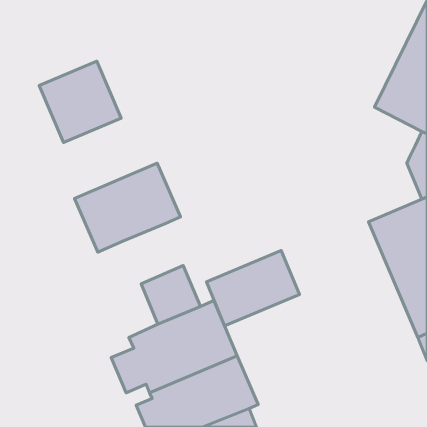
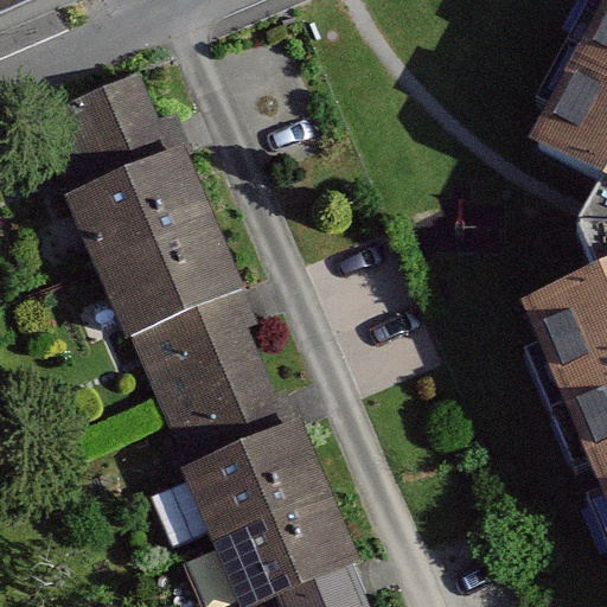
building: none -> [75,159,223,281]
building: none -> [174,317,260,402]
building: [207,250,299,326] -> none

